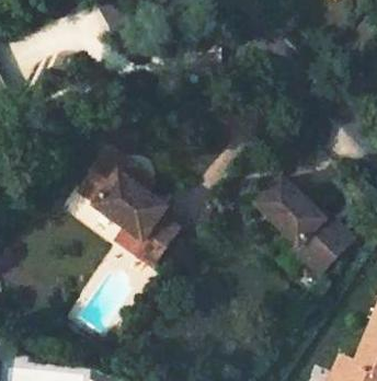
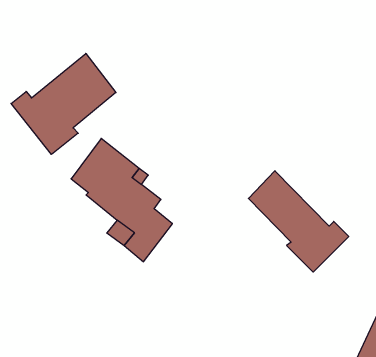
building: none -> [11,53,116,154]

